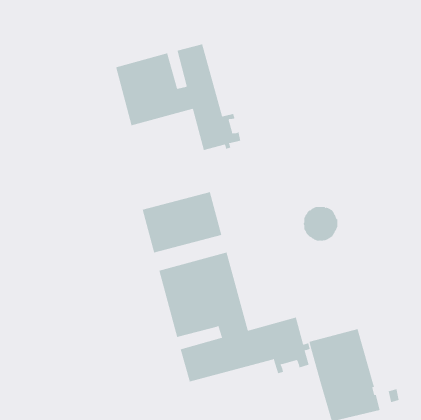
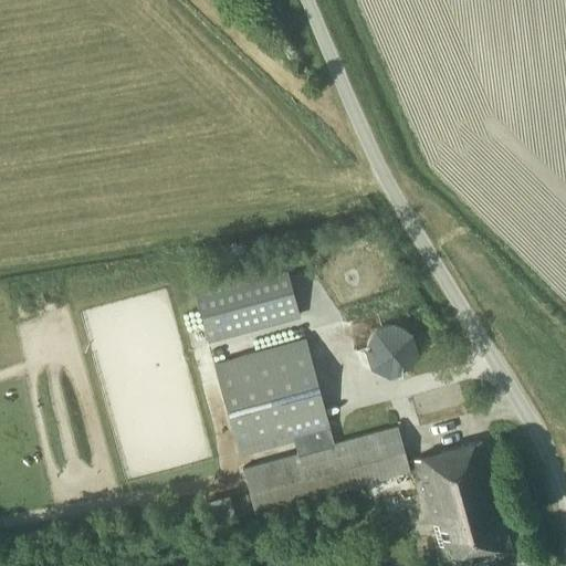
building: [115,43,241,151] -> none
building: [303,206,338,241] -> [366,327,413,374]

